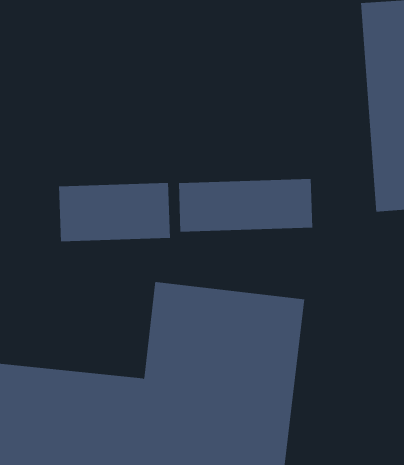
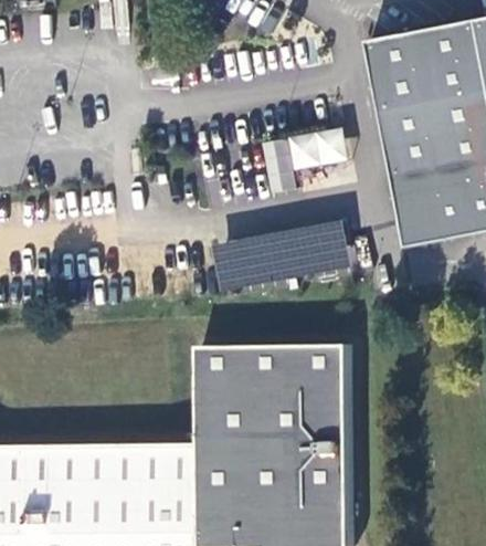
building: none -> [261,127,348,195]
building: [58,182,170,242] -> none

